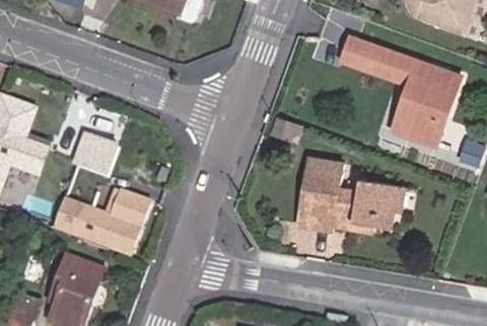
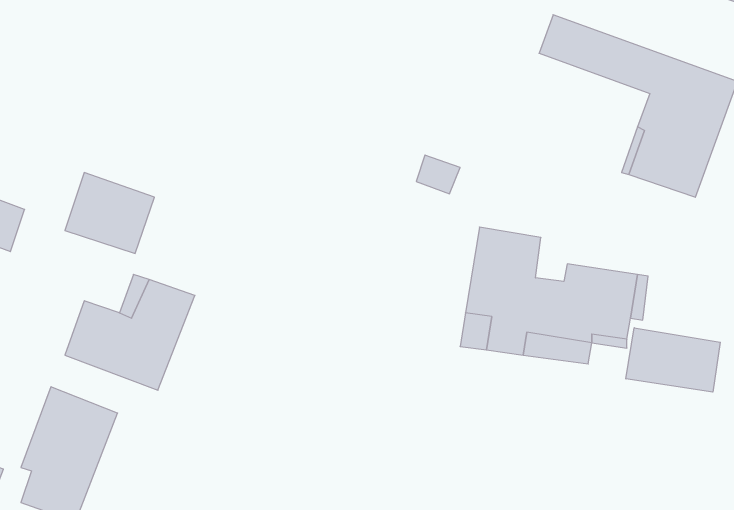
building: none -> [626,328,720,392]

